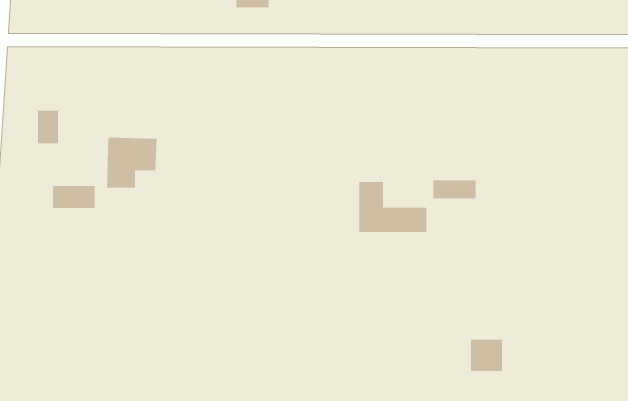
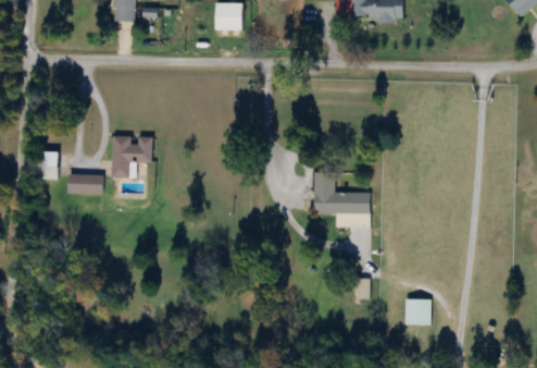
building: [37,110,59,144] -> [40,151,58,179]
building: [433,180,476,199] -> none

